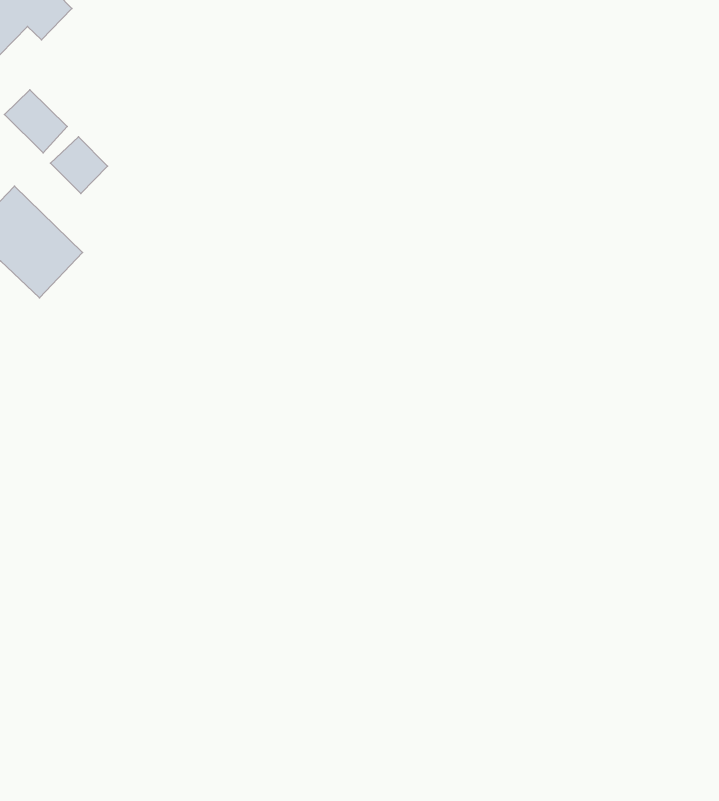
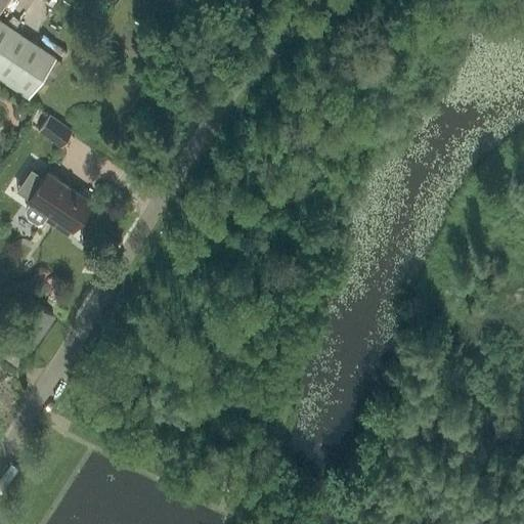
building: [51,137,107,193] -> none

